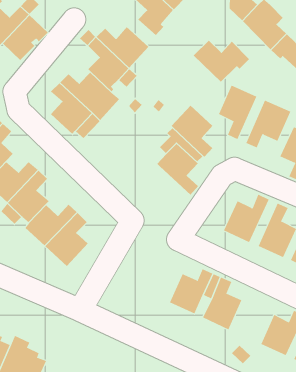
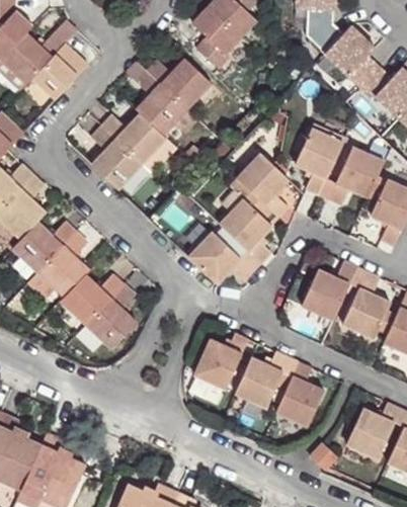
building: [193,40,250,83] -> none
building: none -> [188,228,261,283]
building: none -> [194,334,248,390]

